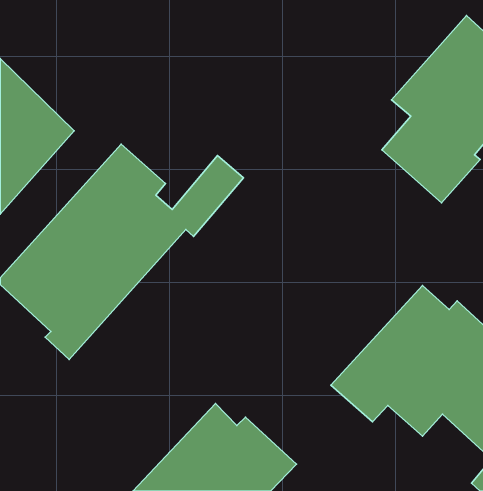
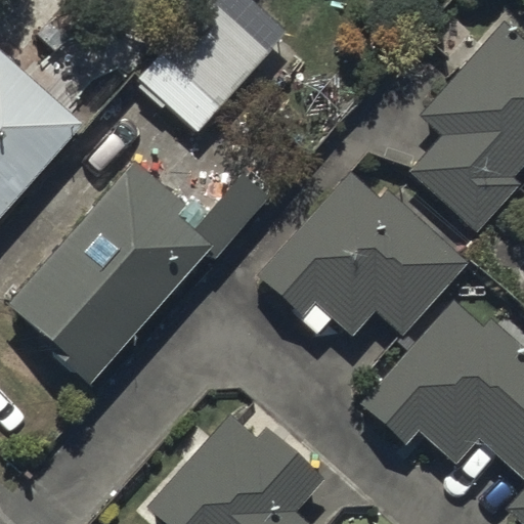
building: none -> [143,9,276,146]
building: none -> [259,160,471,330]

